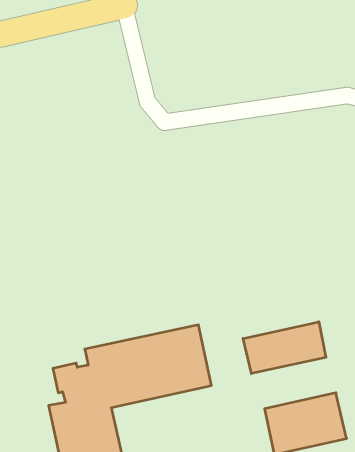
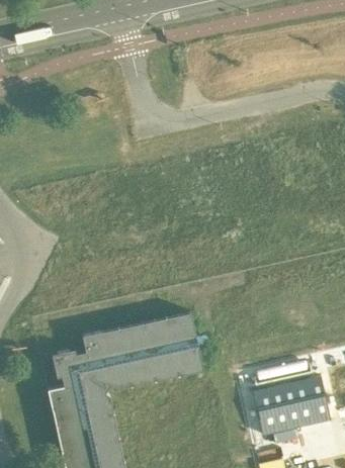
building: [243,322,326,374] -> none

